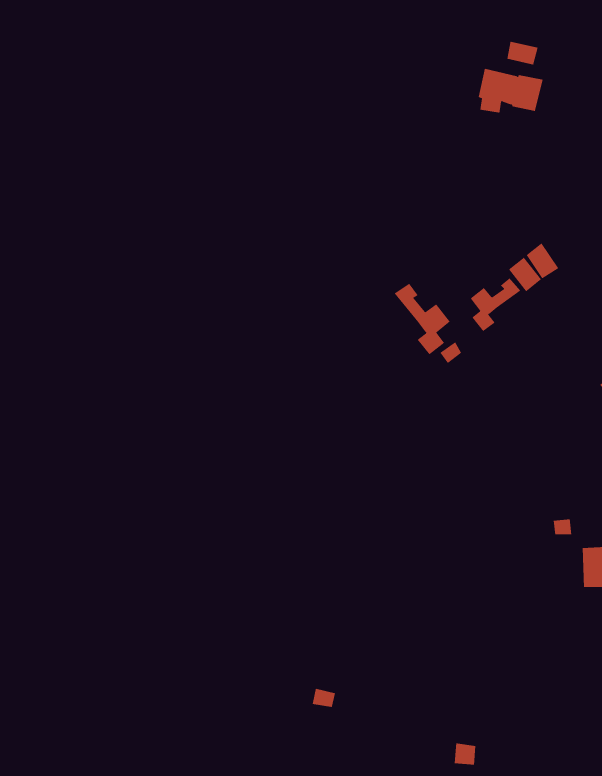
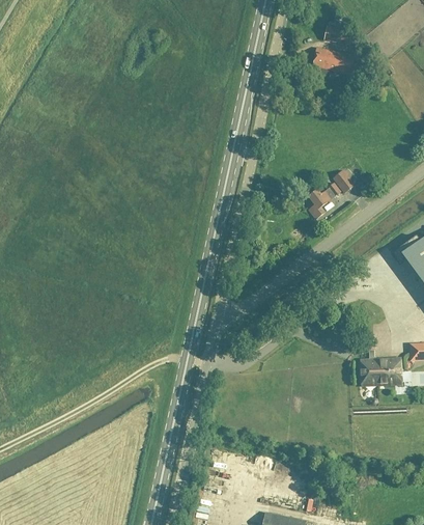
building: [394,283,451,355] -> none
building: none -> [360,358,381,385]

